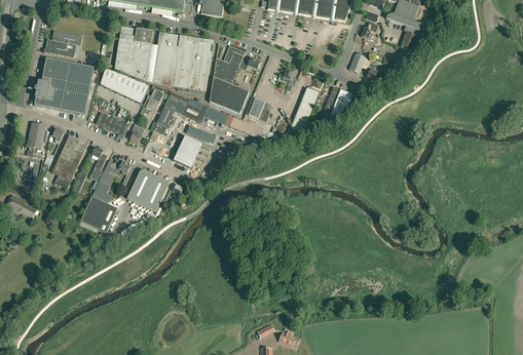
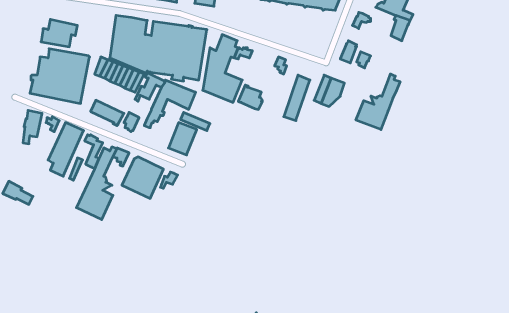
building: none -> [356,74,400,130]

